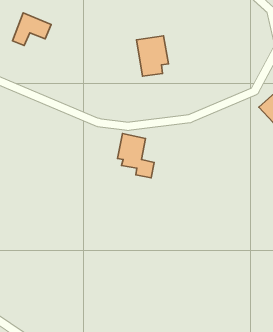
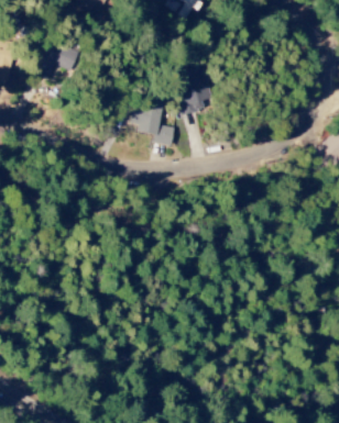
building: [118,134,154,178] -> [133,97,175,147]

